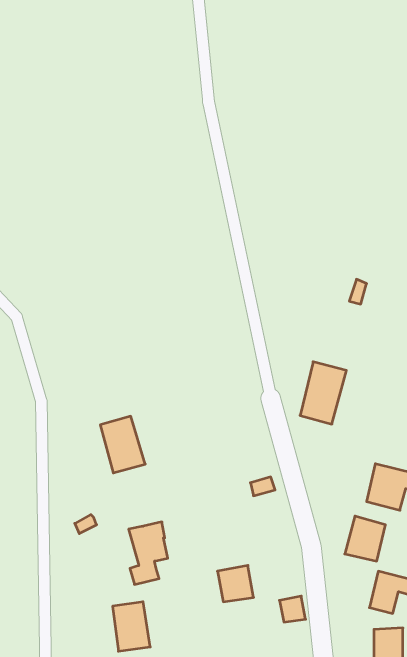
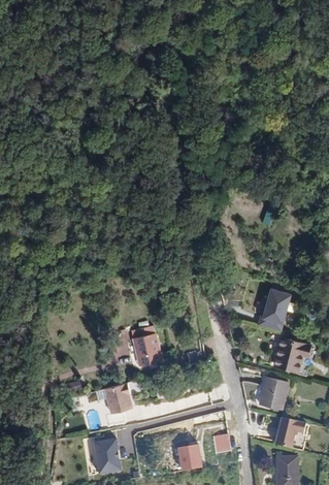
building: [300,362,346,424] -> [258,286,291,330]
building: [100,416,145,473] -> [129,322,161,362]
building: [217,565,254,602] -> [176,444,202,470]

